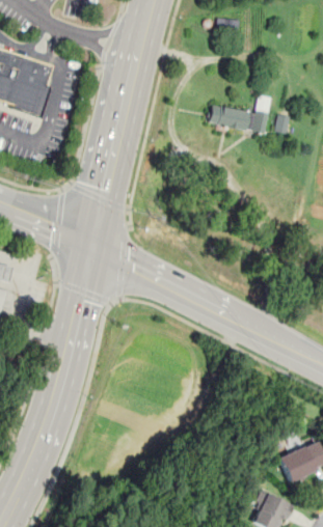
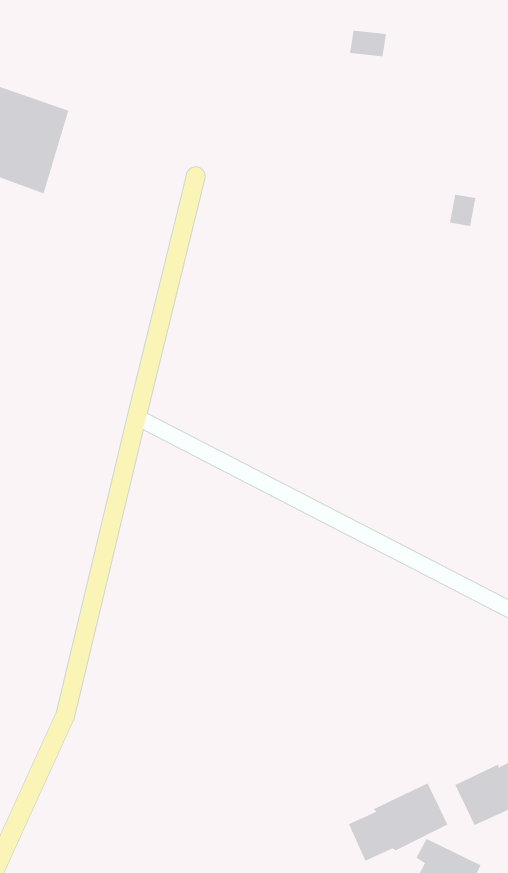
building: [207,94,272,134] -> none
building: none -> [348,782,448,862]

